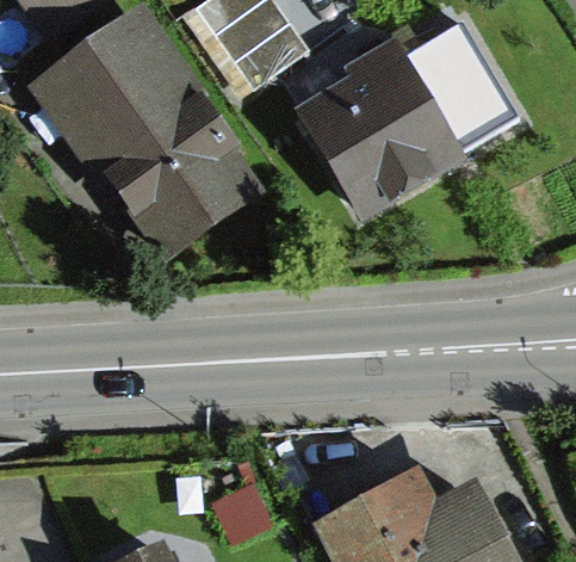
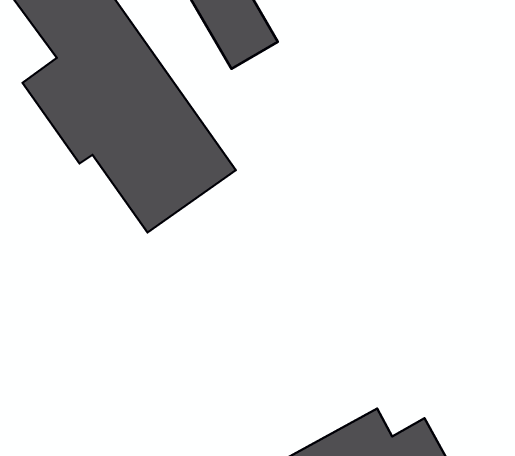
building: [292,26,510,220] -> none

